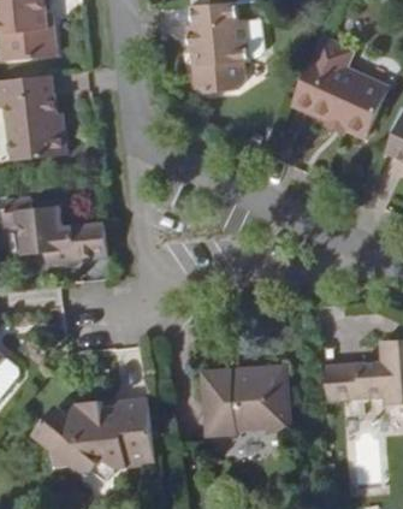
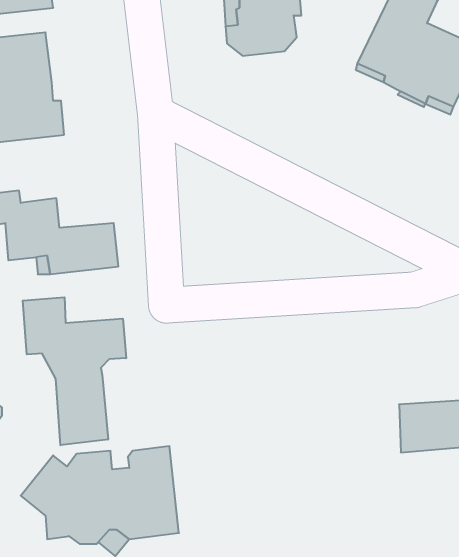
building: none -> [23,297,126,445]
building: [201,365,290,436] -> none

